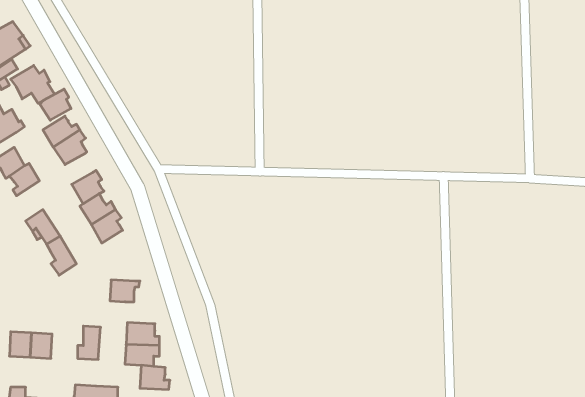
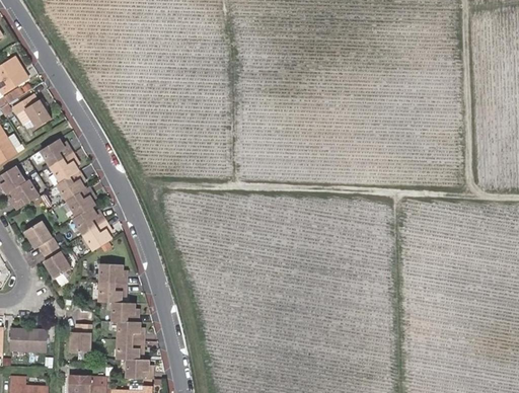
building: [40,89,71,120] -> [56,171,83,199]
building: none -> [99,262,125,284]
building: none -> [110,302,137,321]

